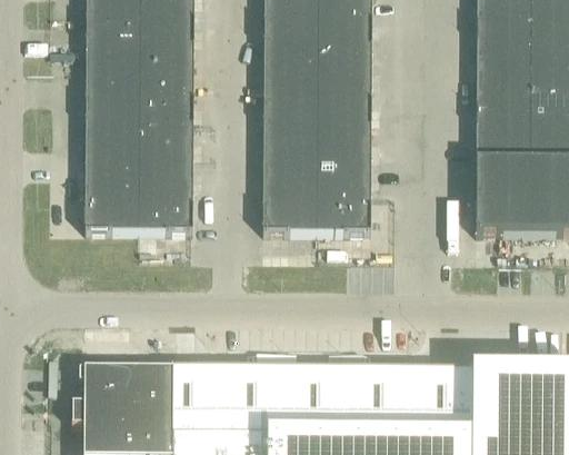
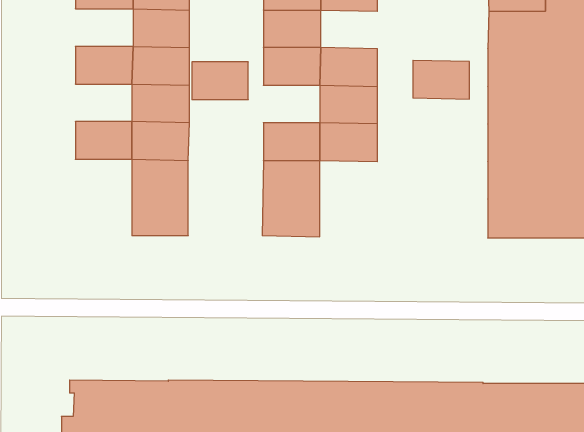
building: [86,10,140,46] -> none
building: [318,11,371,48] -> [413,60,469,99]
building: [86,81,139,117] -> none
building: [263,82,317,118] -> [192,62,248,100]
building: [84,152,139,225] -> none
building: [317,154,371,226] -> none

